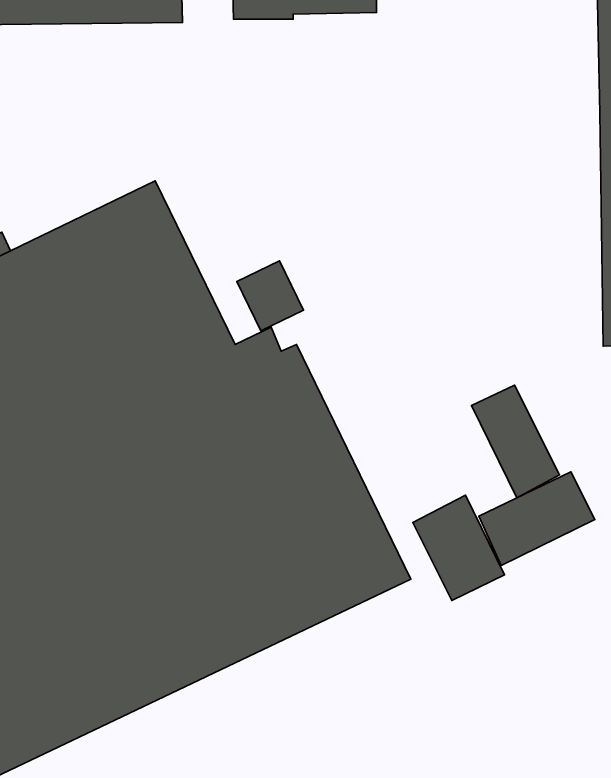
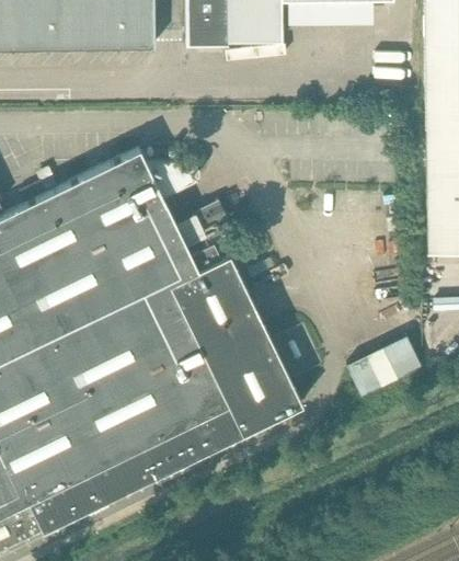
building: [472,385,560,498] -> none
building: [413,495,505,600] -> none

